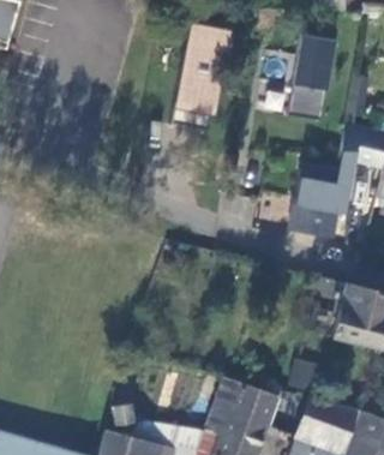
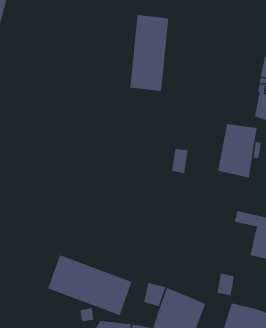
building: [288,34,336,116] -> none
building: none -> [47,254,133,316]

